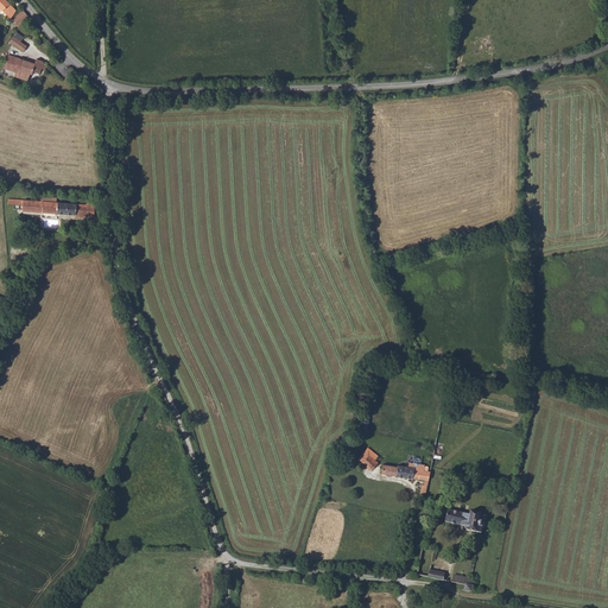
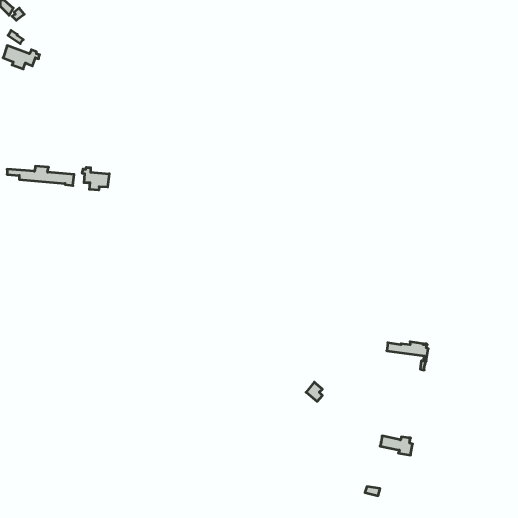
building: none -> [82,167,109,190]
building: [381,463,430,496] -> [387,342,428,370]

